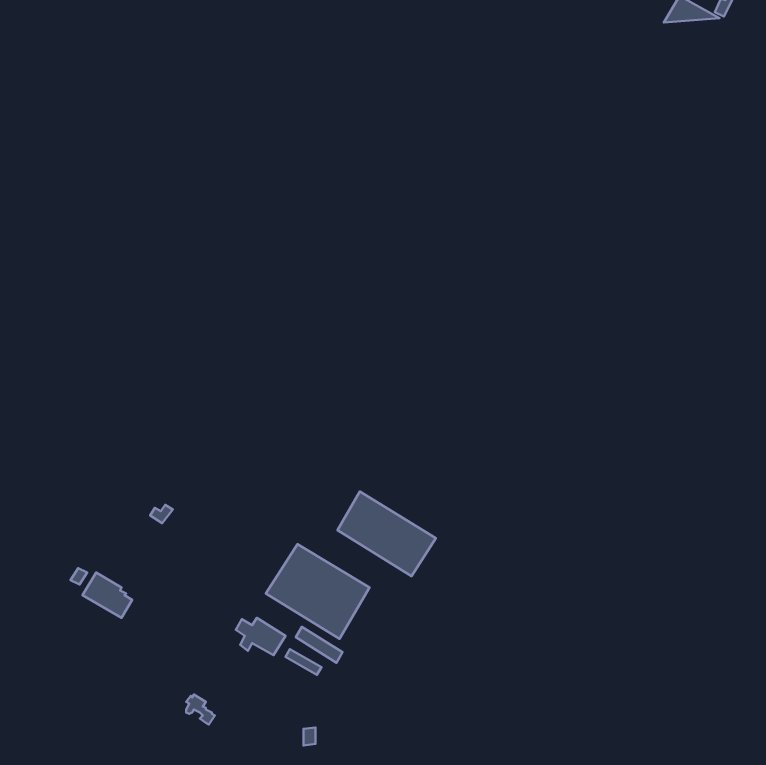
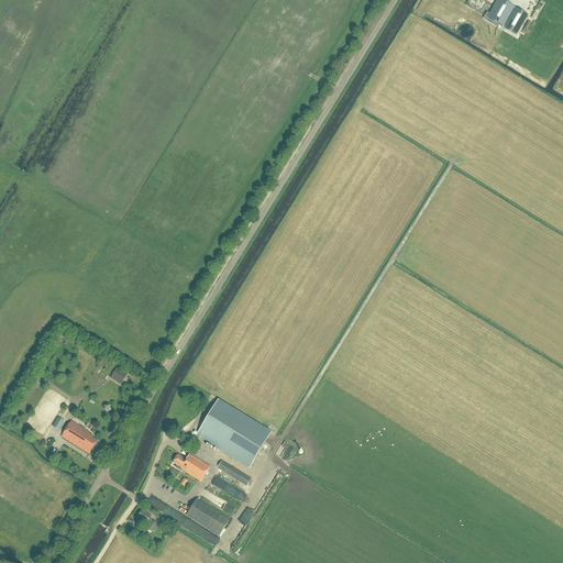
building: [337,492,436,576] -> none
building: none -> [185,496,229,534]

